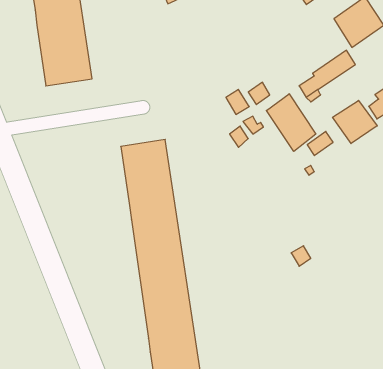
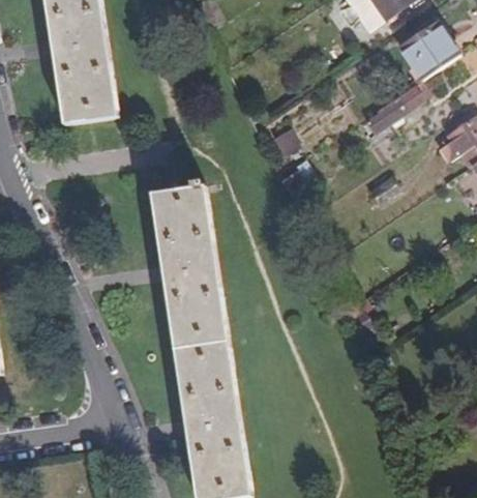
building: [266,94,316,151] -> none
building: [333,100,377,144] -> none

